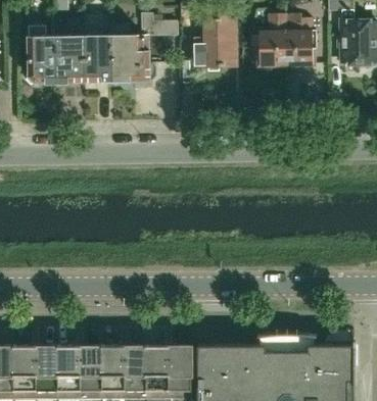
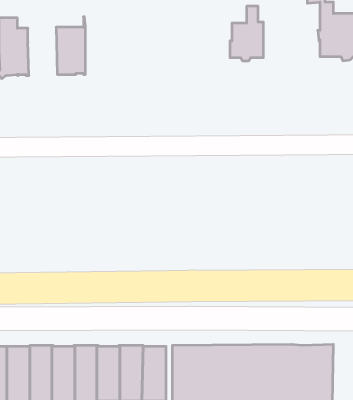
building: [111,13,177,81] -> none
building: [286,14,317,67] -> none
building: [194,17,235,65] -> none
building: [56,26,85,82] -> none

